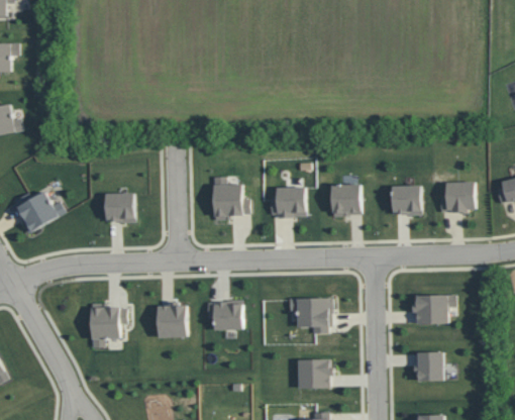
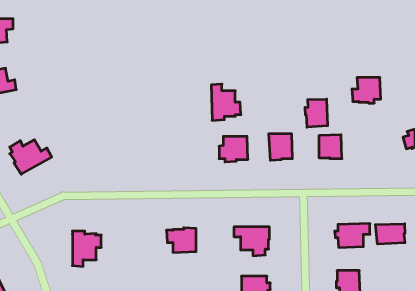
building: none -> [305,99,328,127]
building: [212,177,248,221] -> [211,84,241,120]
building: [438,183,474,214] -> [352,78,381,103]
building: [104,194,133,223] -> none
building: none -> [375,224,405,244]
building: [157,302,186,338] -> none

